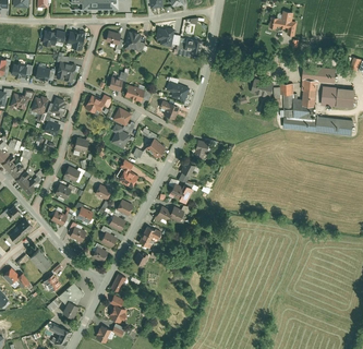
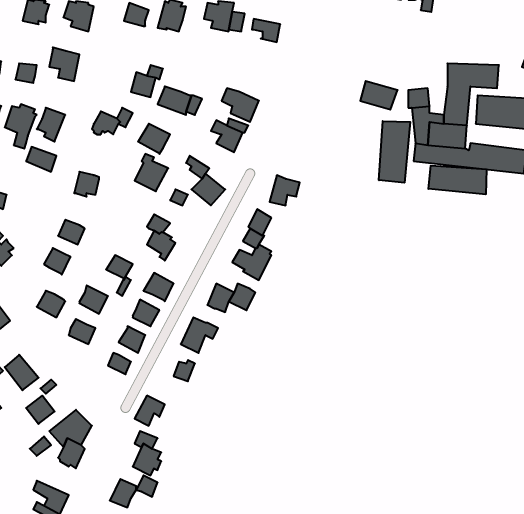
building: none -> [379,121,410,183]
building: none -> [428,166,486,194]

